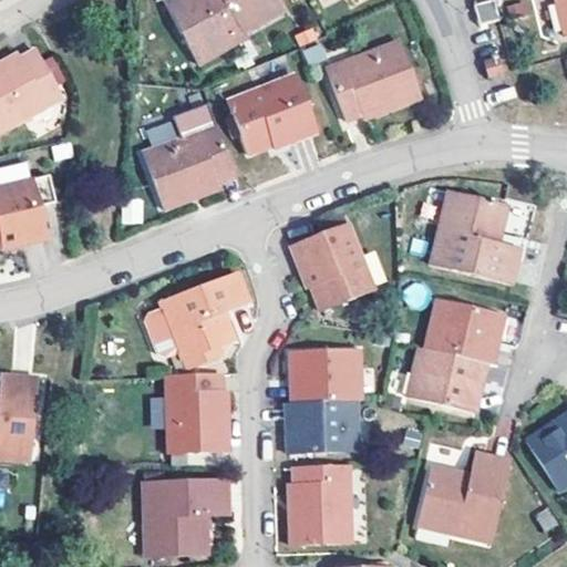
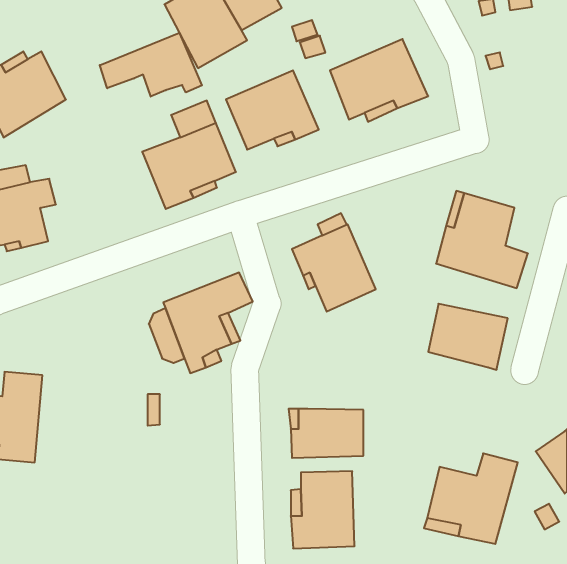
building: none -> [100,33,202,97]
building: [408,348,484,412] -> none
building: [296,353,370,406] -> none
building: [168,372,231,453] -> none
building: [148,480,231,555] -> none

